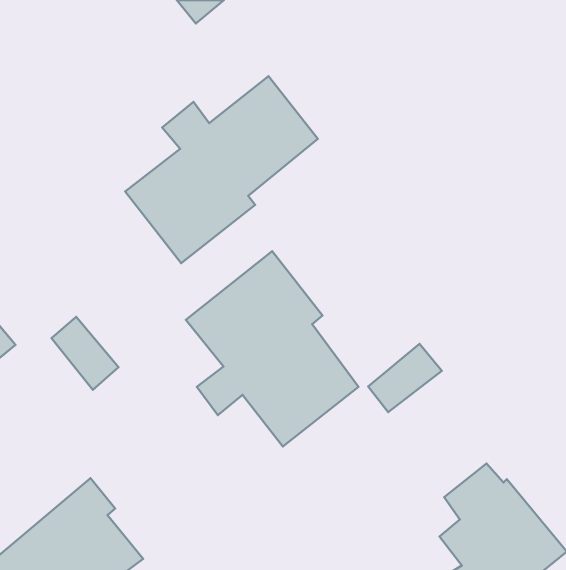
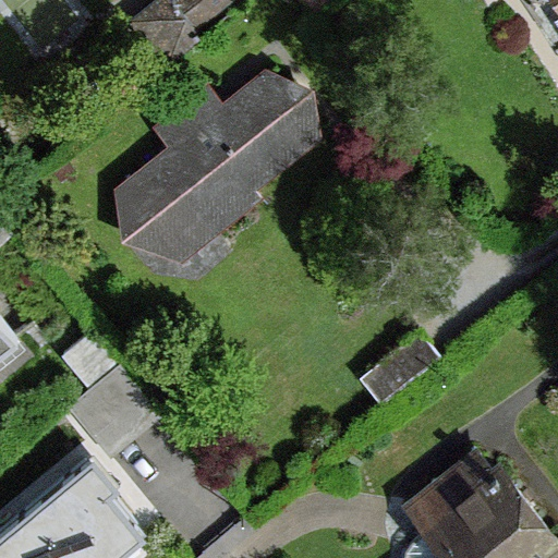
building: [186,251,359,447] -> none

